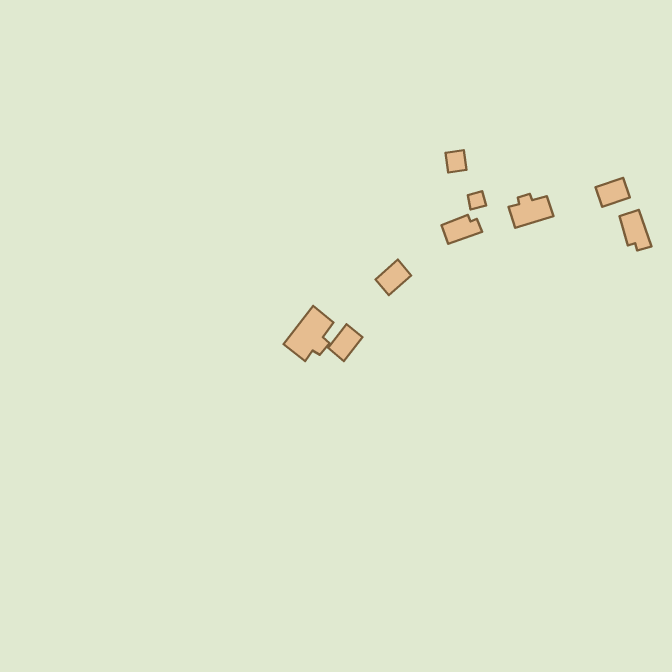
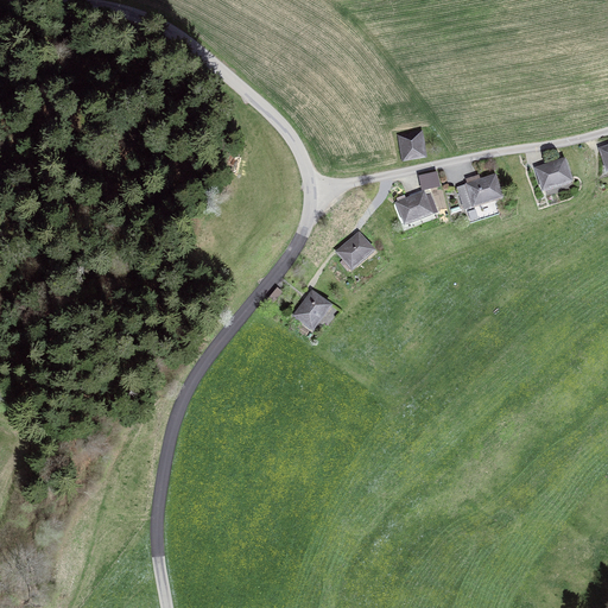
building: [619,210,651,251] -> none
building: [283,306,333,361] -> none

